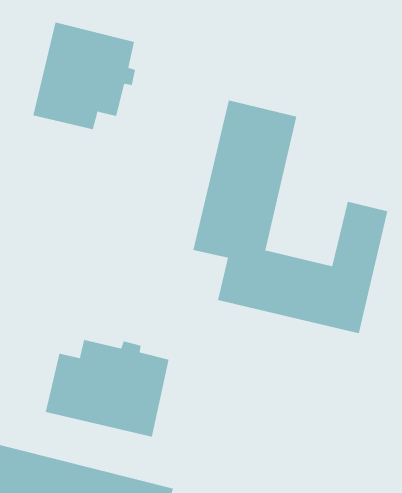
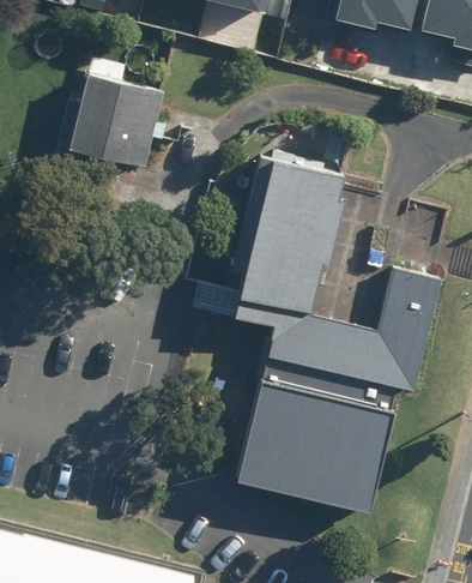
building: none -> [228,381,385,515]
building: [45,339,169,438] -> none

